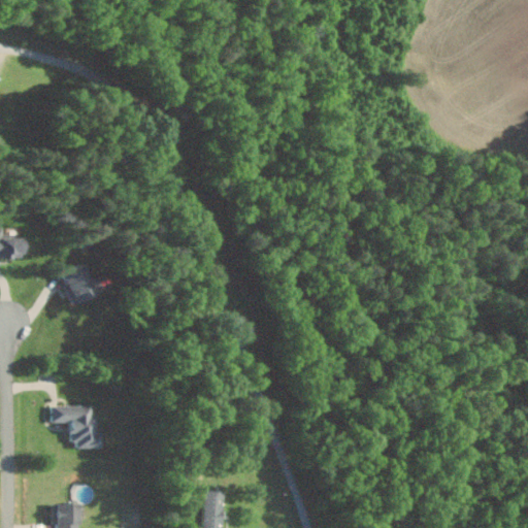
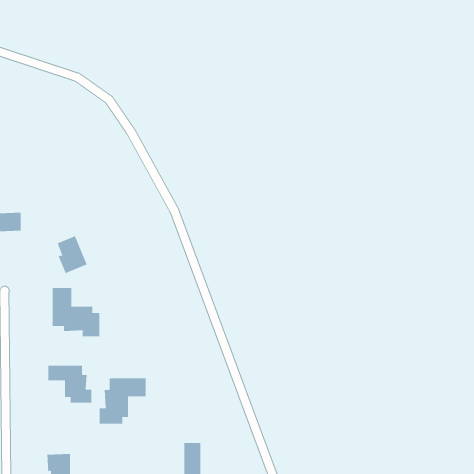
building: none -> [52,287,100,337]
building: none -> [99,378,146,425]

